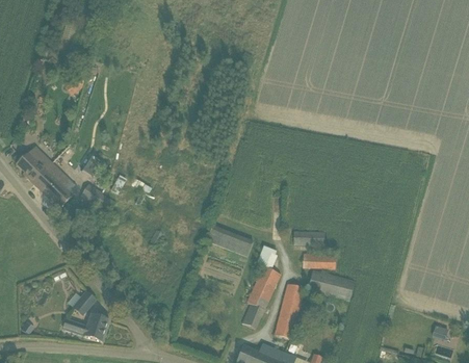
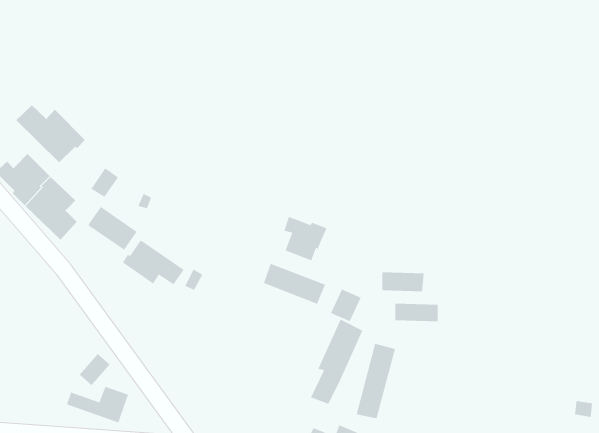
building: none -> [16,104,86,163]
building: none -> [284,216,327,261]
building: none -> [122,240,184,285]
building: [308,269,355,300] -> none

